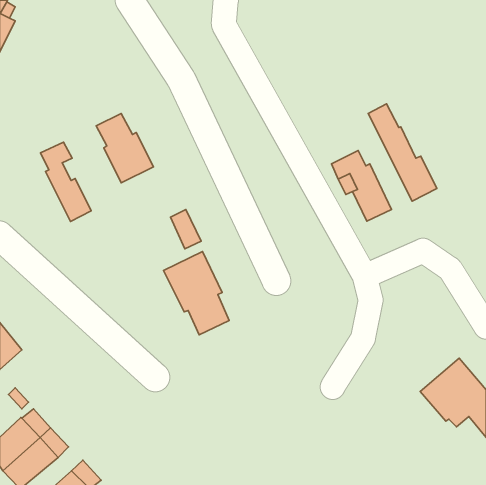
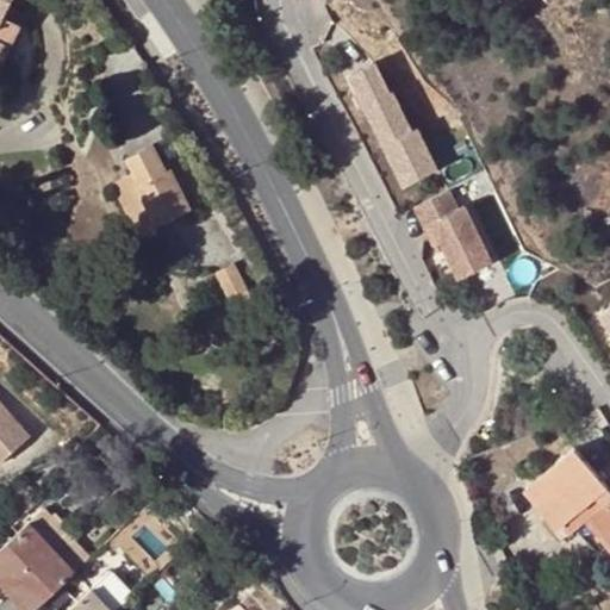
building: [368,104,437,201] -> [350,66,436,187]
building: [41,142,91,222] -> none
building: [164,252,229,335] -> none

